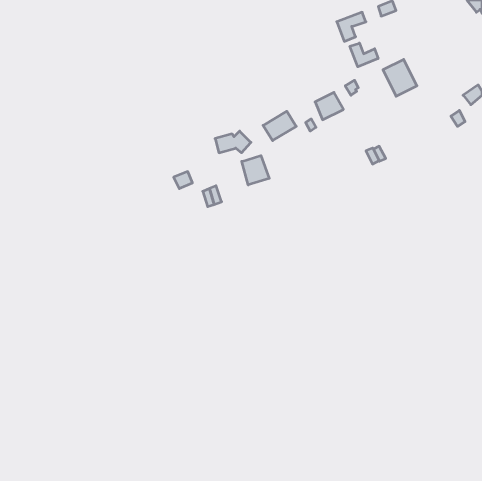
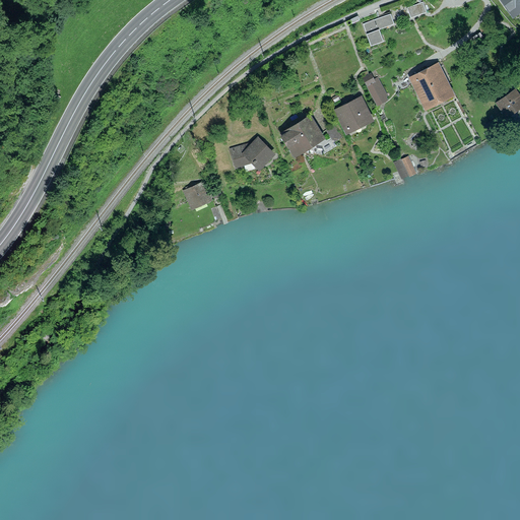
building: [350,43,378,67] -> none
building: [242,156,269,185] -> none

